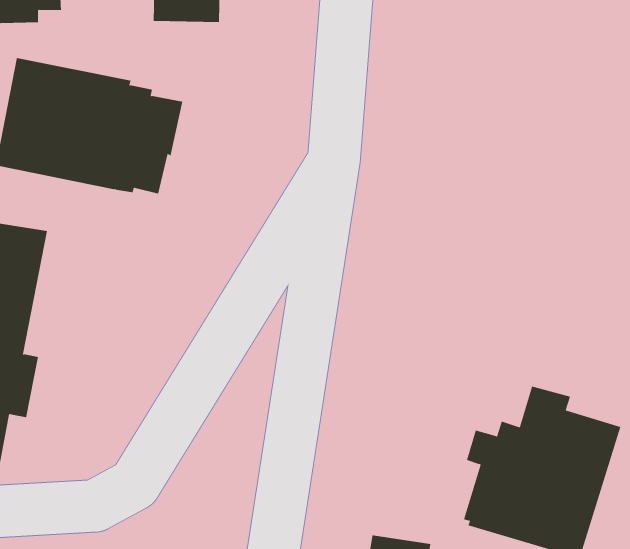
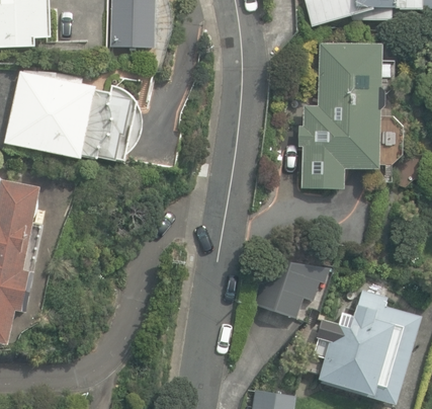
building: none -> [298,42,384,188]
building: none -> [255,251,326,309]

